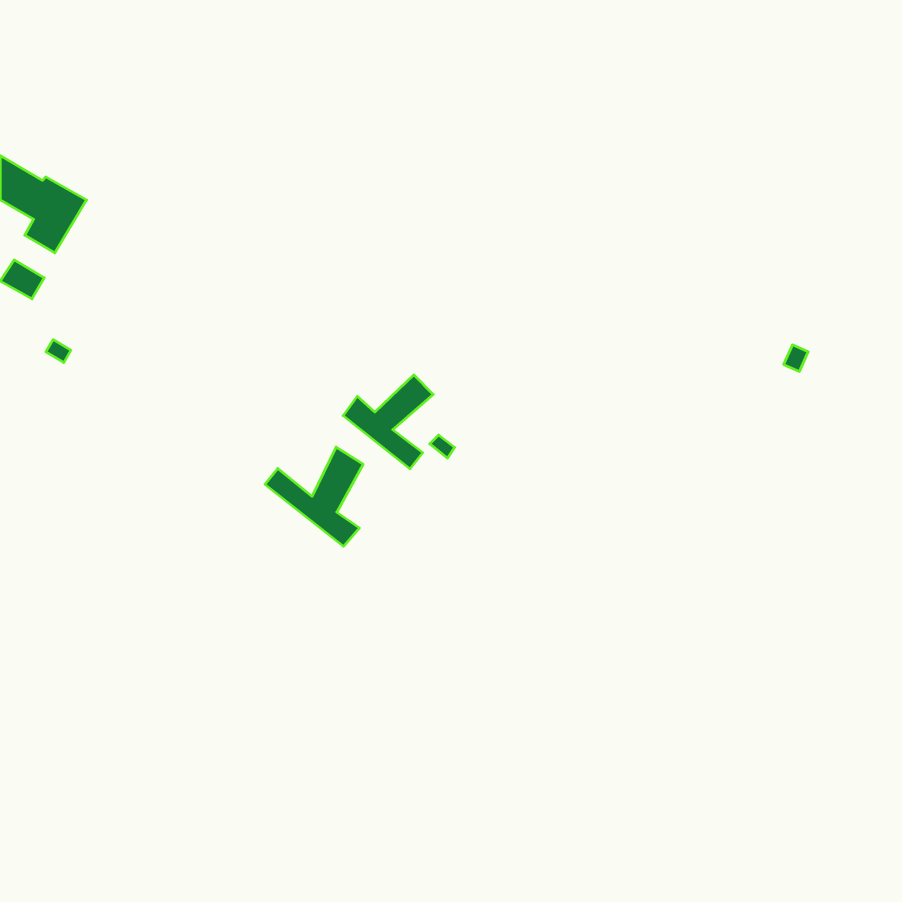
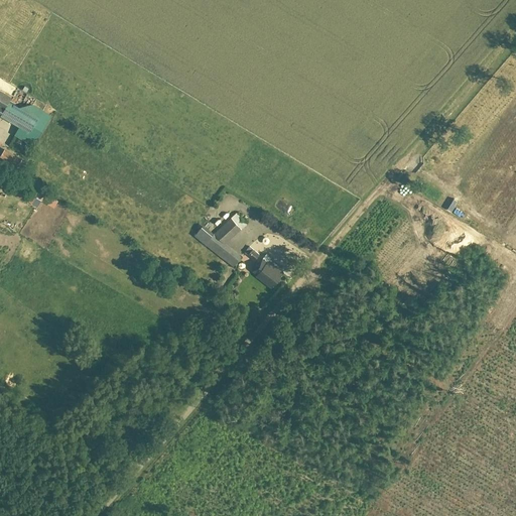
building: [265,447,363,546] -> none
building: none -> [254,260,283,289]

